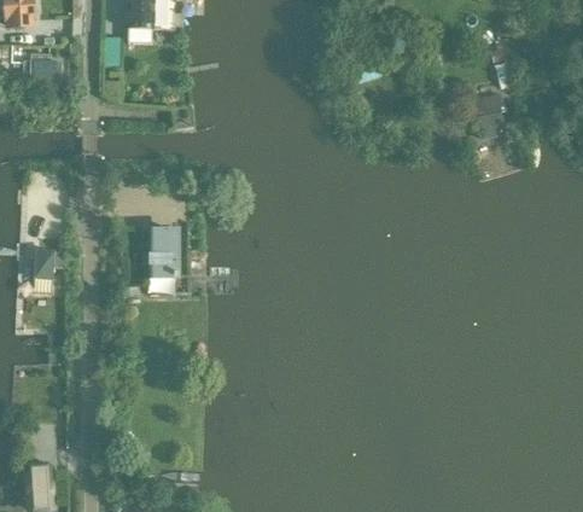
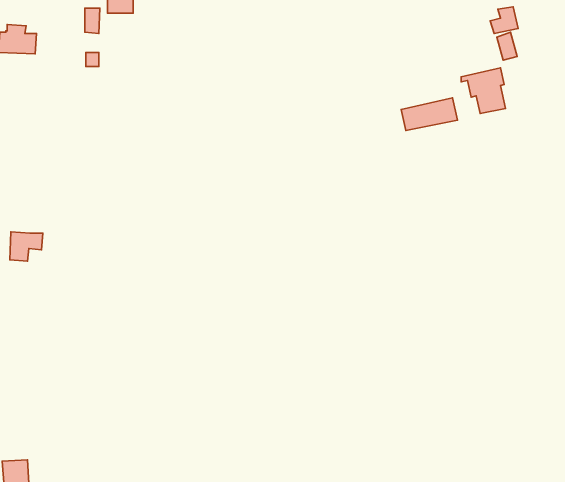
building: none -> [401,98,458,131]
building: [150,226,174,275] -> none

